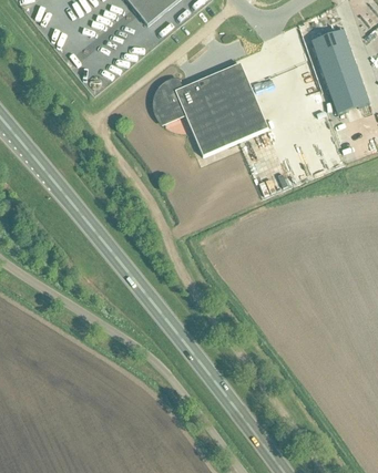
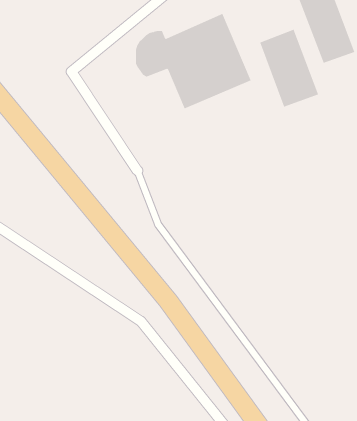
building: none -> [260,29,319,108]

